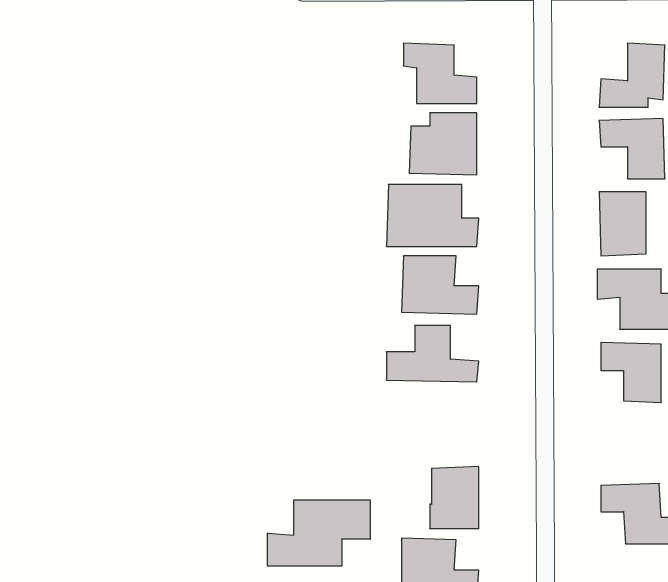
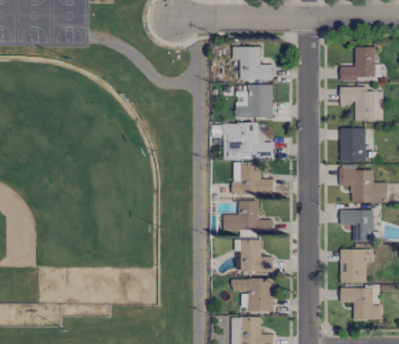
building: none -> [234,239,273,272]
building: none -> [340,249,372,282]
building: [268,500,370,566] -> none

